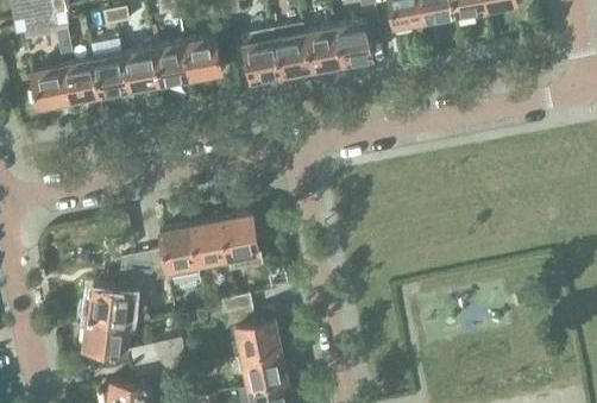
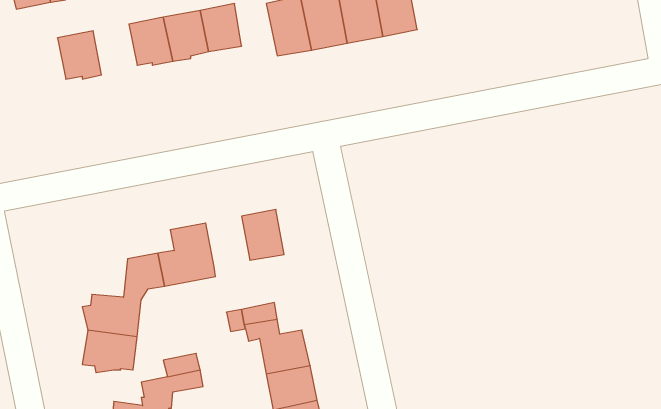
building: [92,55,130,99] -> none
building: [30,67,68,108] -> none
building: [189,221,227,265] -> none

